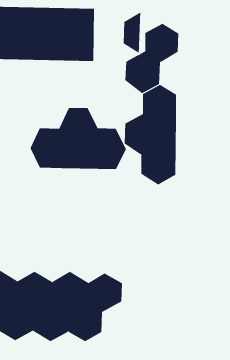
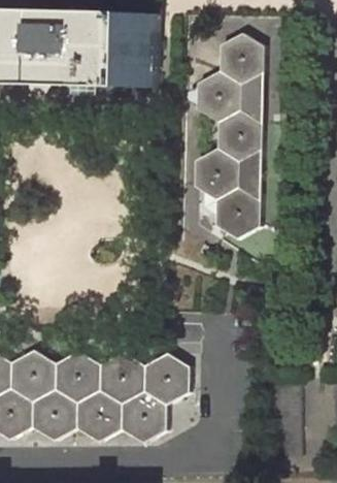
building: [123,11,141,54] -> [238,69,262,124]
building: [30,107,127,170] -> none

